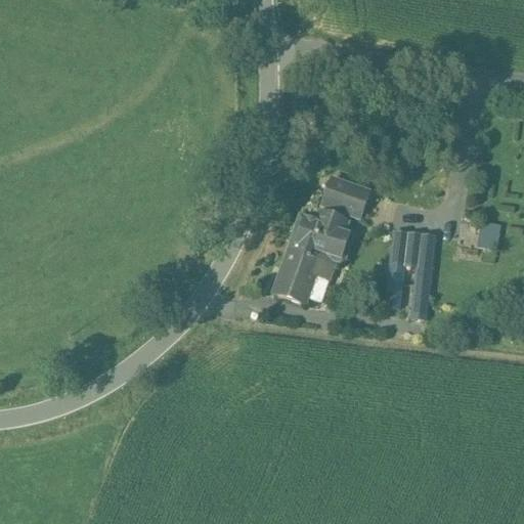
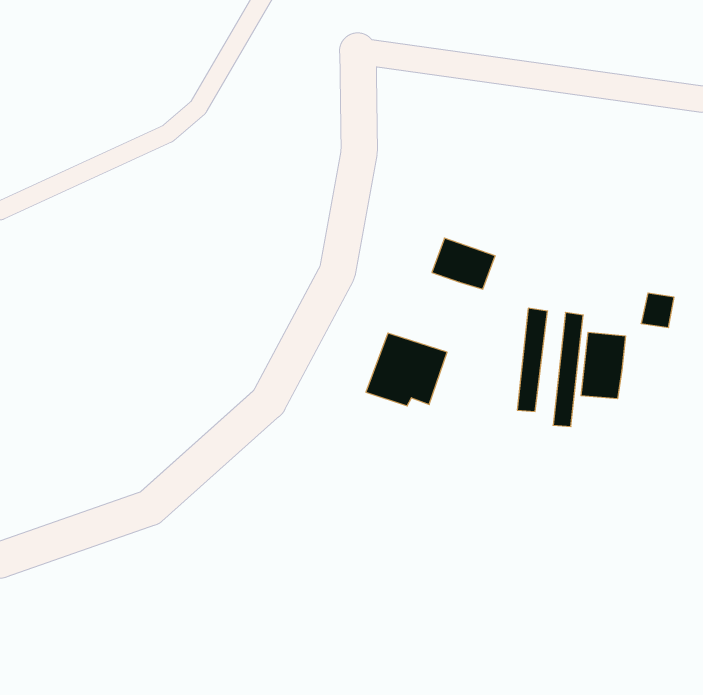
building: [292,204,347,262] -> none
building: none -> [581,332,625,399]

